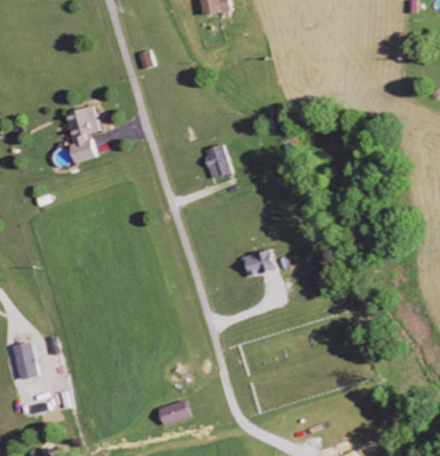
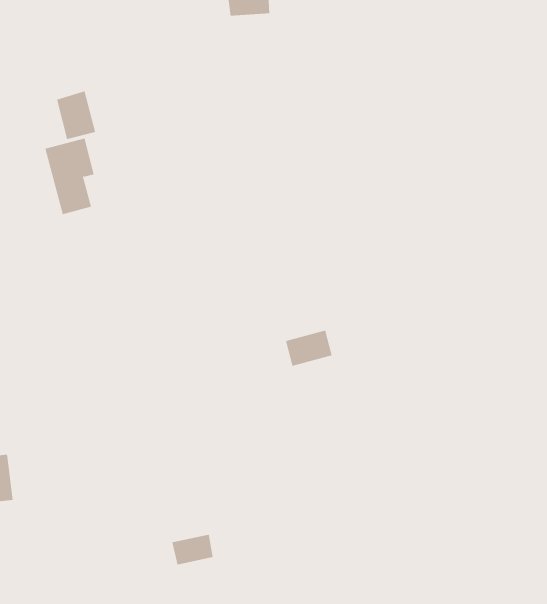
building: none -> [57,91,96,140]
building: [205,145,231,178] -> none

